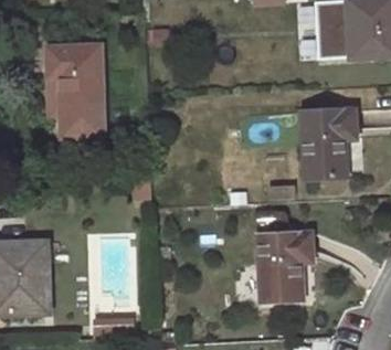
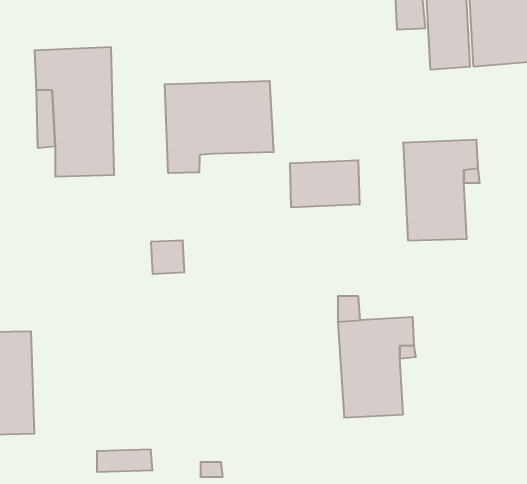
building: none -> [165,81,274,173]
building: none -> [290,160,359,207]

